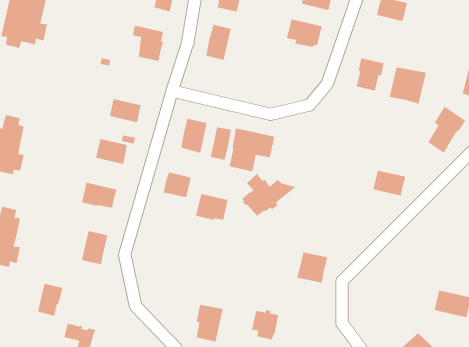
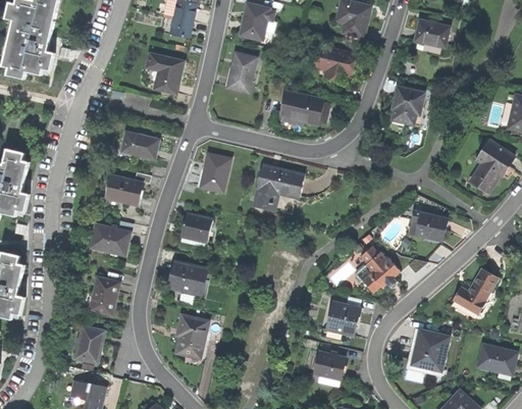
building: none -> [279,90,321,121]
building: [389,67,426,104] -> none
building: [210,126,231,160] -> none
building: [241,173,296,216] -> [355,244,415,292]
building: [195,193,229,220] -> [168,261,205,291]
building: none -> [454,268,497,314]
building: none -> [406,326,450,374]
building: [37,283,63,317] -> [75,326,104,363]
building: [196,304,224,342] -> [176,316,207,358]
building: [251,309,279,340] -> [315,351,346,385]

